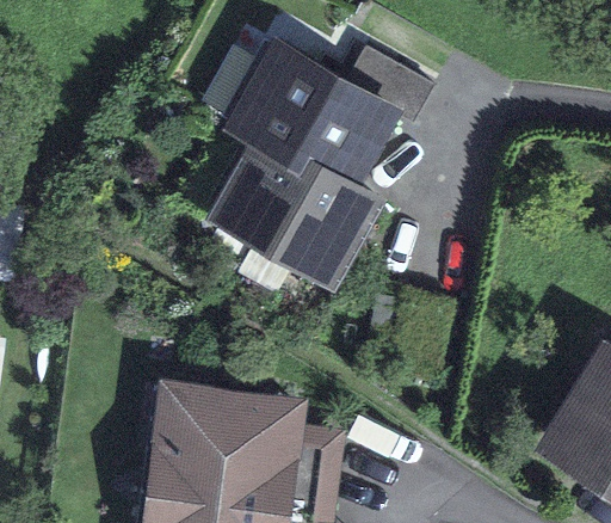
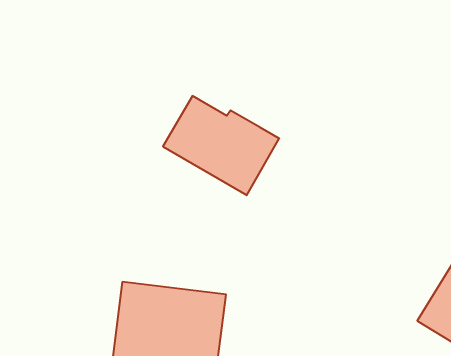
building: [230,48,390,187] -> none

